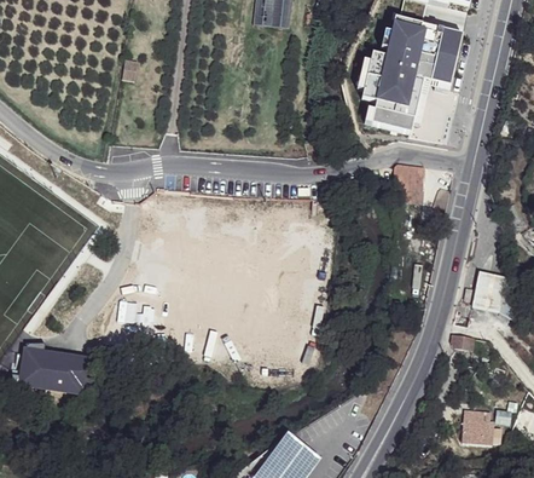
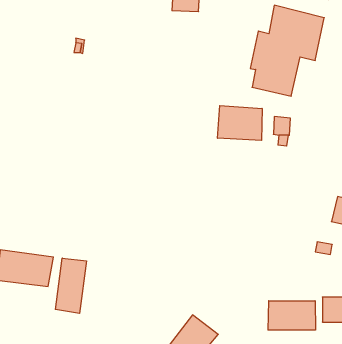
building: none -> [218,106,262,140]
building: none -> [55,258,86,313]
building: none -> [268,301,315,330]

